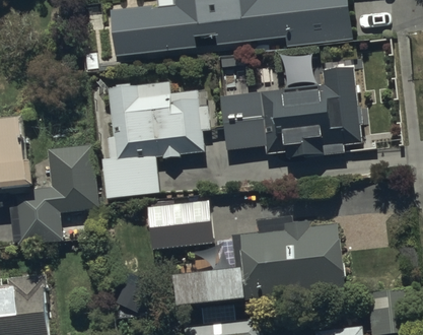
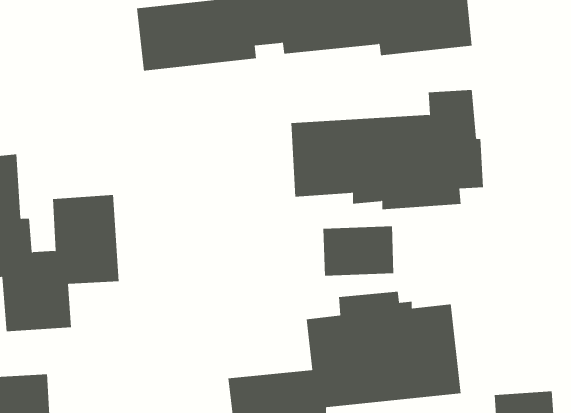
building: [95,81,207,196] -> none
building: [162,199,214,236] -> [323,226,394,276]

